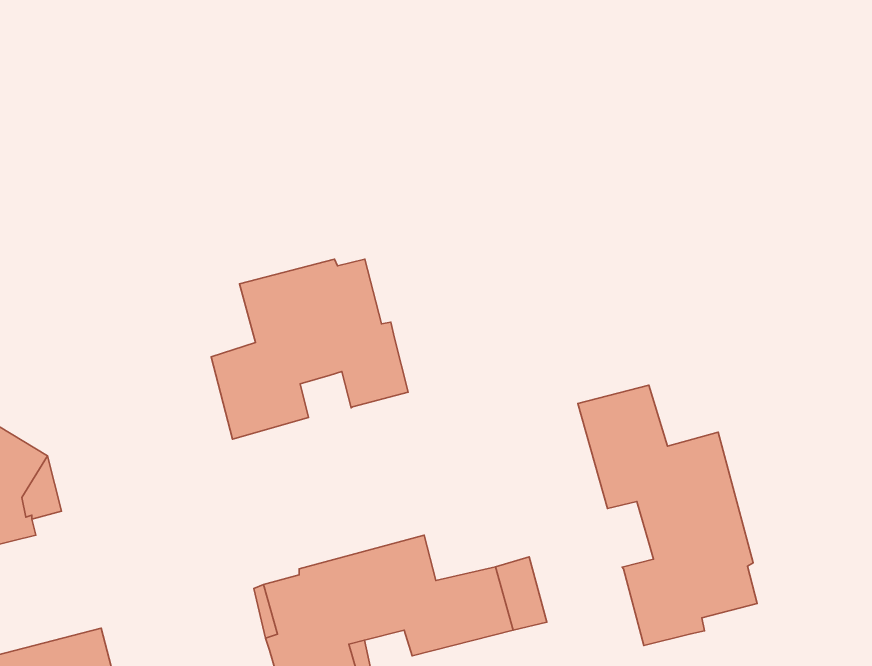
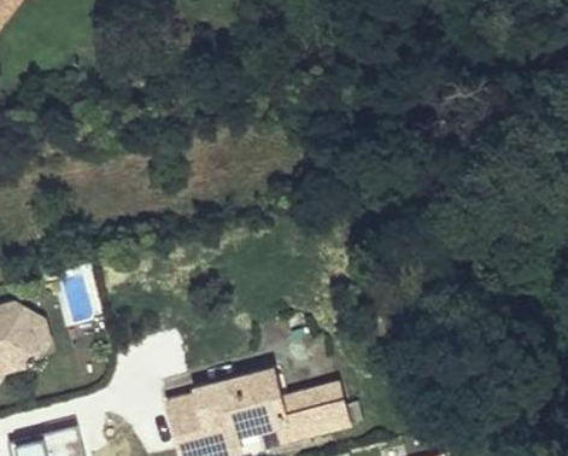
building: [211,259,408,439] -> none
building: [578,385,757,646] -> none

